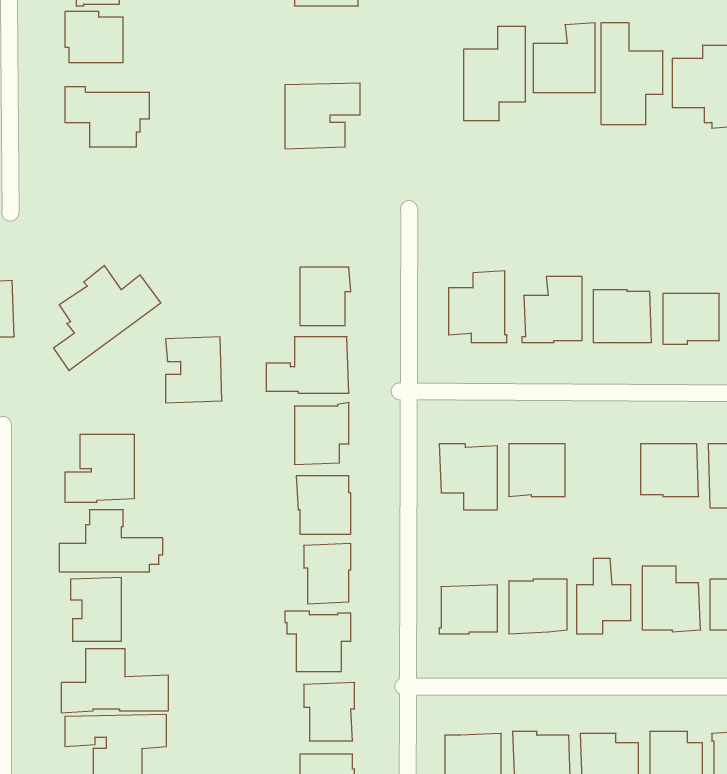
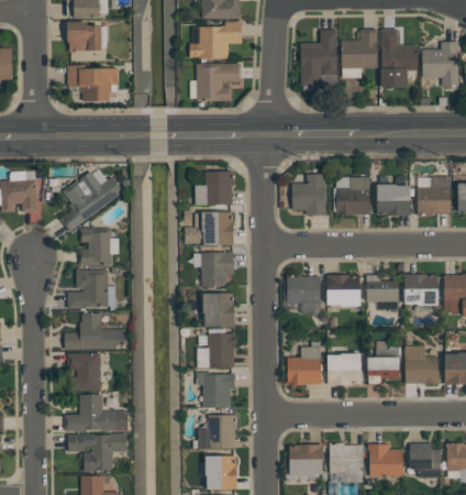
building: none -> [188,22,241,59]
building: [166,337,222,403] -> [79,228,112,266]
building: none -> [366,275,398,310]

